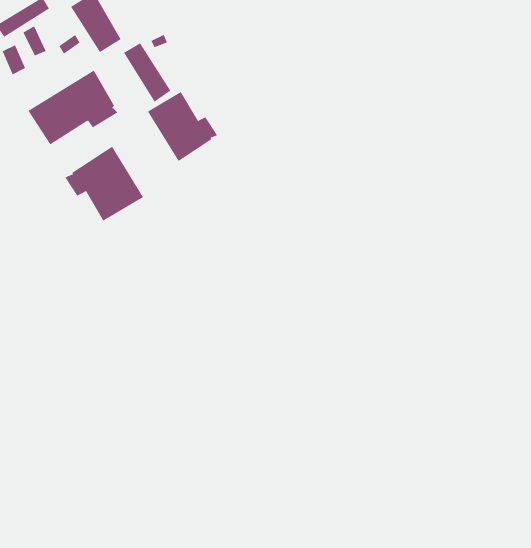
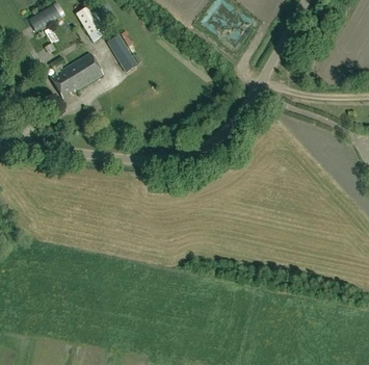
building: [147,91,218,162] -> none
building: [65,146,144,222] -> none

